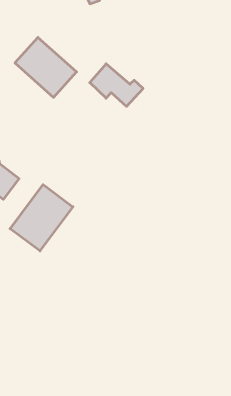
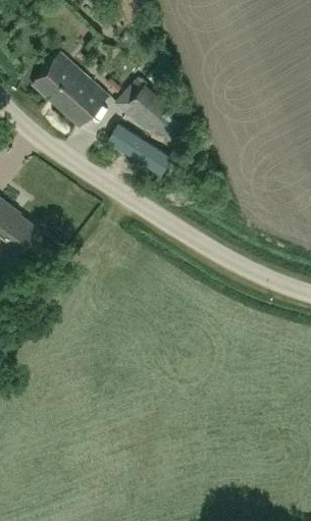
building: none -> [108,123,172,174]
building: [10,185,73,251] -> none

